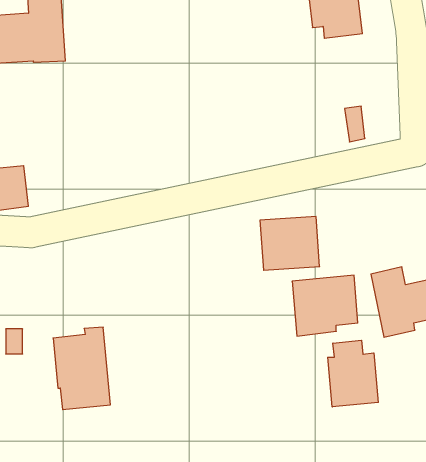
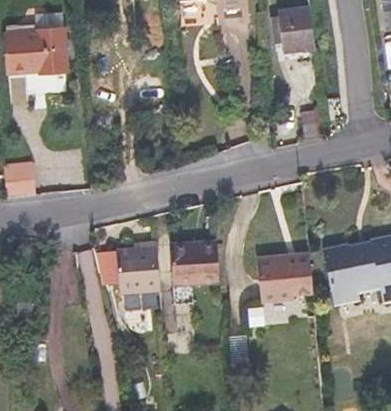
building: [260,217,320,270] -> [170,239,220,284]
building: [53,327,110,410] -> [115,241,163,310]
building: [328,340,378,407] -> none

